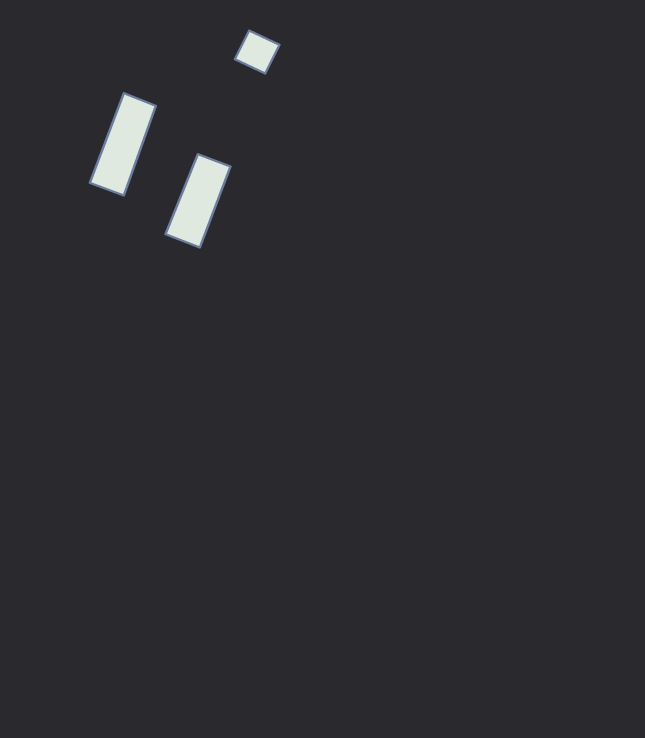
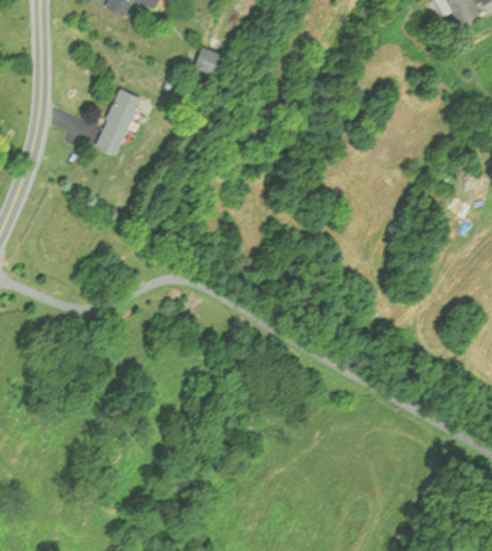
building: [166,154,231,247] -> none

